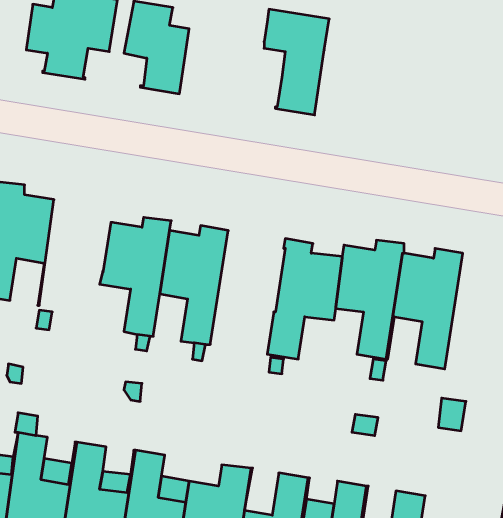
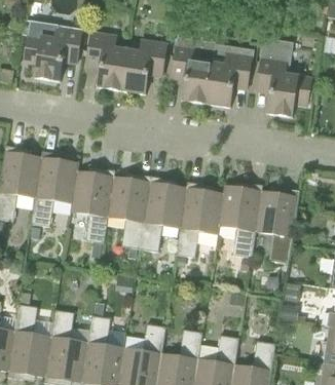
building: none -> [256,37,313,116]
building: none -> [120,38,166,93]
building: none -> [206,51,252,107]
building: none -> [32,150,79,226]
building: none -> [140,176,187,251]

